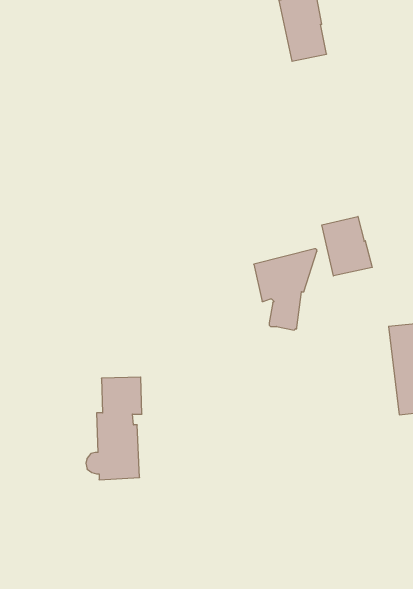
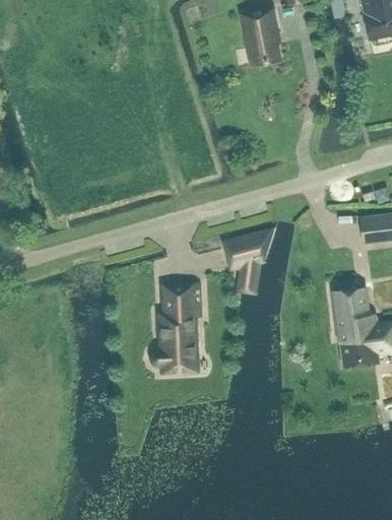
building: [322,216,372,276] -> none
building: [86,377,142,480] -> [152,284,200,372]

